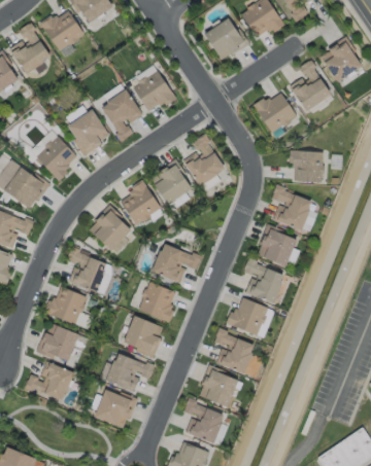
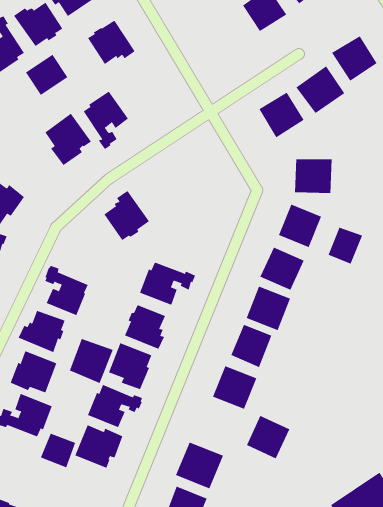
building: [205,17,247,61] -> none
building: none -> [25,54,68,96]
building: [131,72,174,112] -> [87,20,136,65]
building: [181,133,223,185] -> none
building: [34,137,75,182] -> none
building: [149,157,191,204] -> none
building: [88,204,130,250] -> none
building: none -> [328,227,363,264]
building: none -> [69,338,113,384]
building: [200,369,239,408] -> [246,415,290,459]
building: none -> [40,433,76,468]

